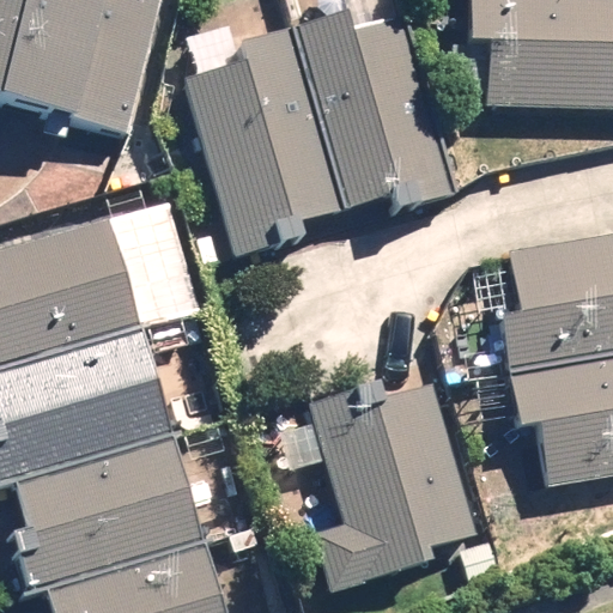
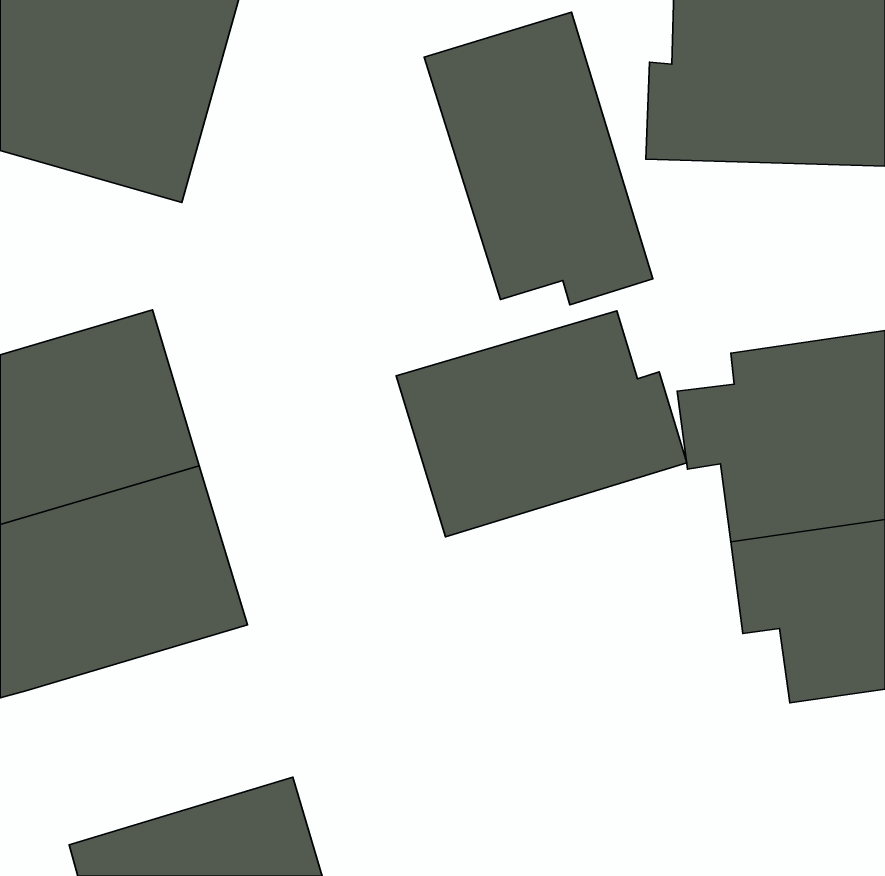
building: [172,23,346,259] -> none
building: none -> [396,311,687,537]
building: [306,370,478,583] -> none
building: [18,432,202,589] -> none

